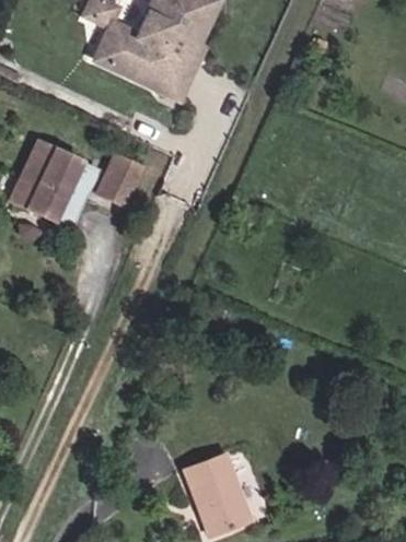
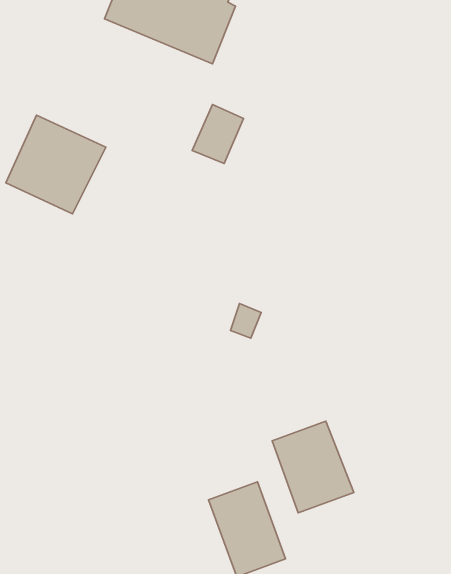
building: [96,154,140,204] -> [192,104,243,163]
building: none -> [272,421,354,513]

